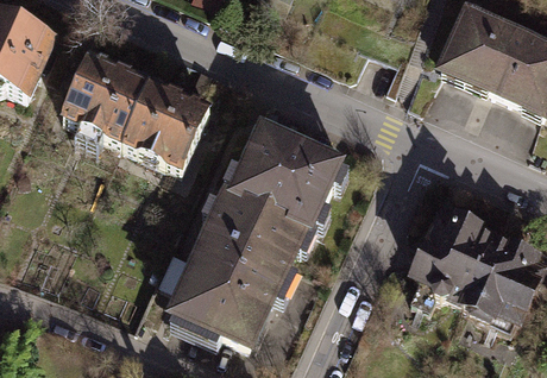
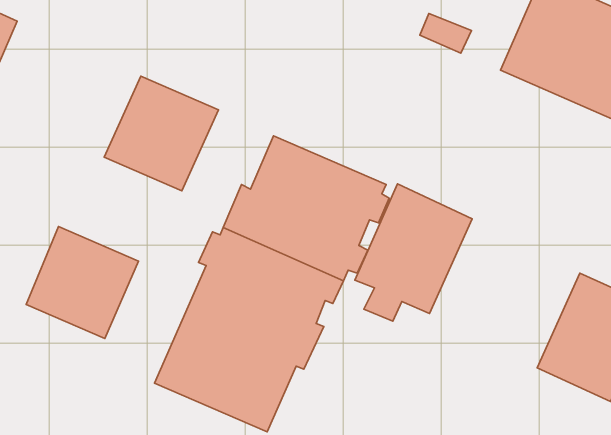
building: [65,51,152,140] -> none
building: none -> [26,226,138,338]
building: [403,203,495,310] -> [355,184,472,321]

